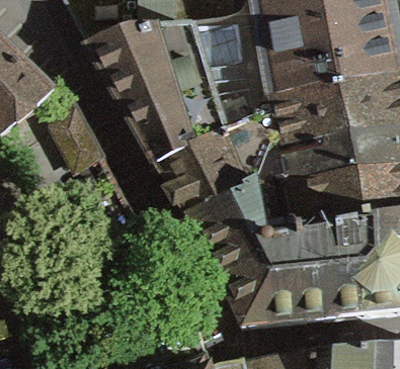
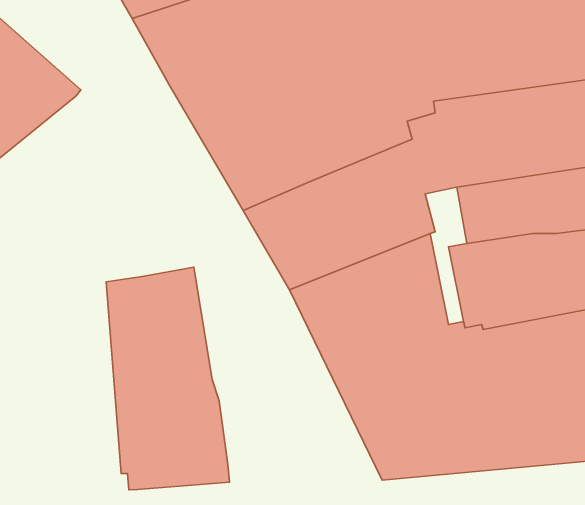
building: none -> [106,267,229,490]

